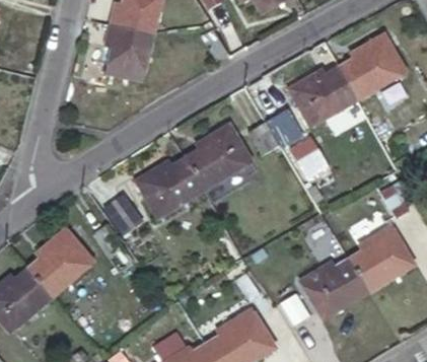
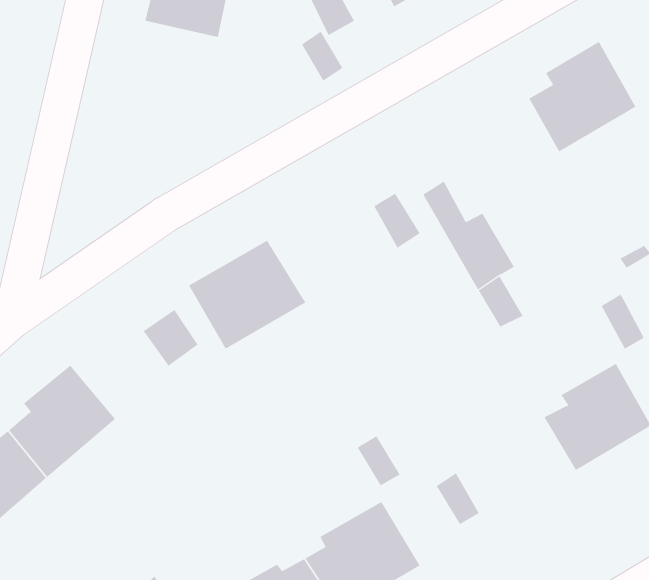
building: [104,21,153,80] -> none
building: [286,68,358,130] -> none
building: [183,125,252,191] -> none
building: [302,260,368,319] -> none

